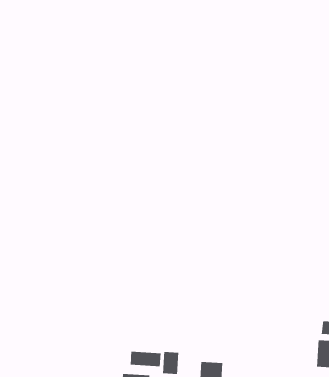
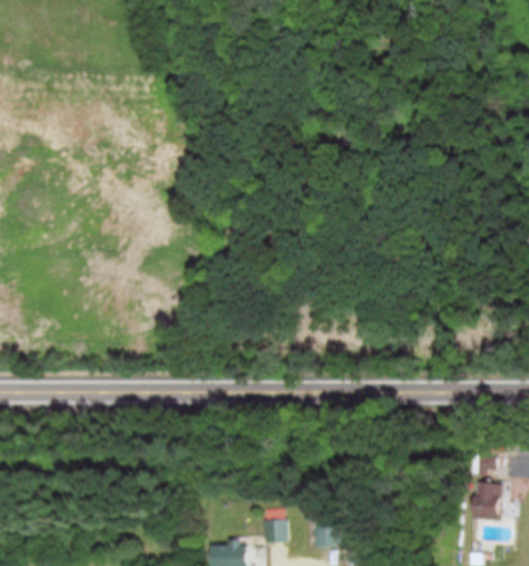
building: [130,351,161,367] -> none

